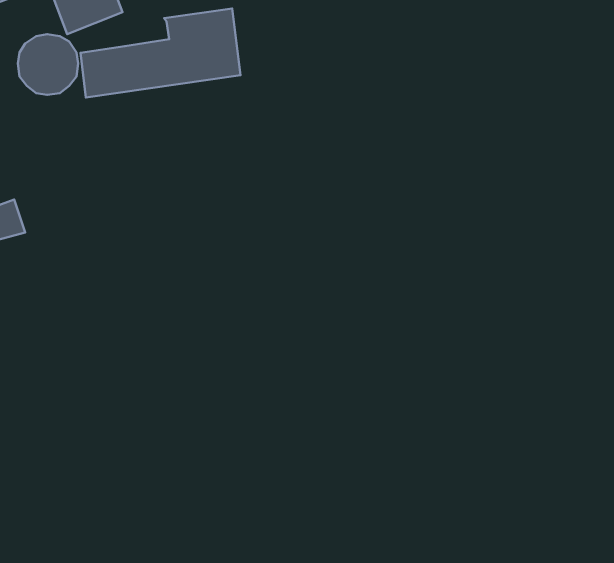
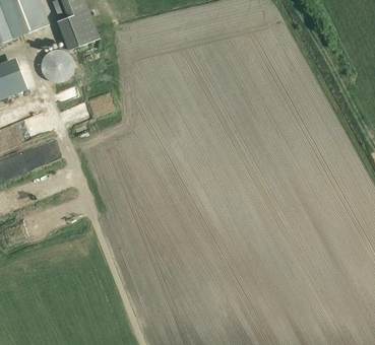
building: [80,8,240,97] -> none

